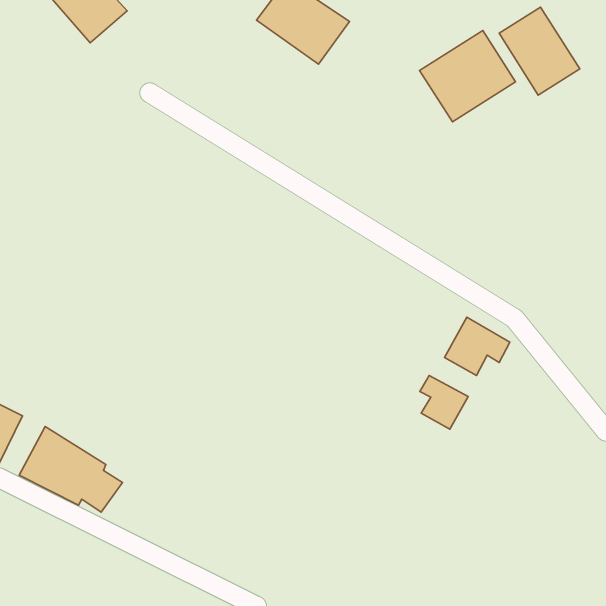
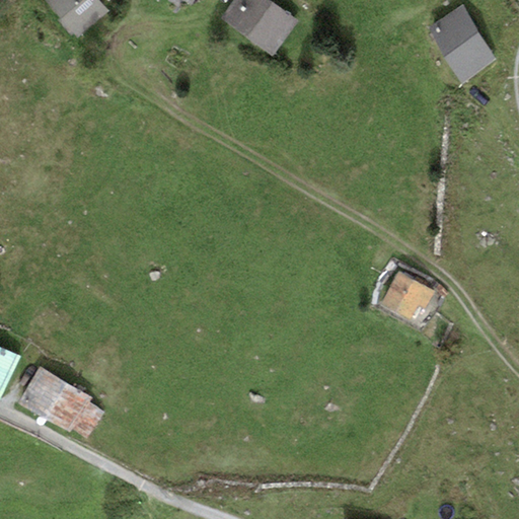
building: [420,30,516,122] -> none
building: [420,376,468,429] -> none

